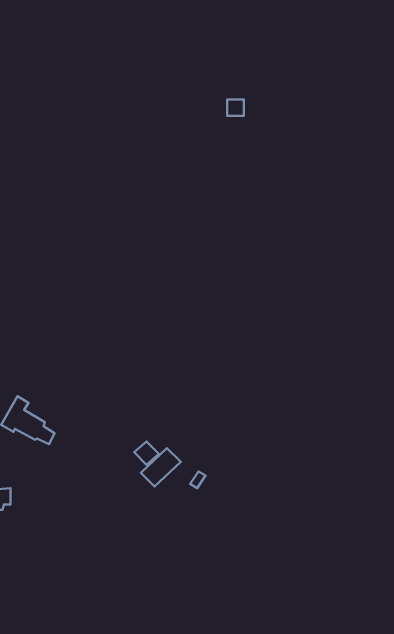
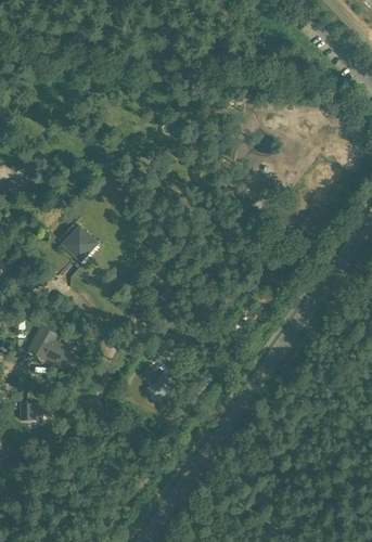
building: none -> [56,223,93,264]

